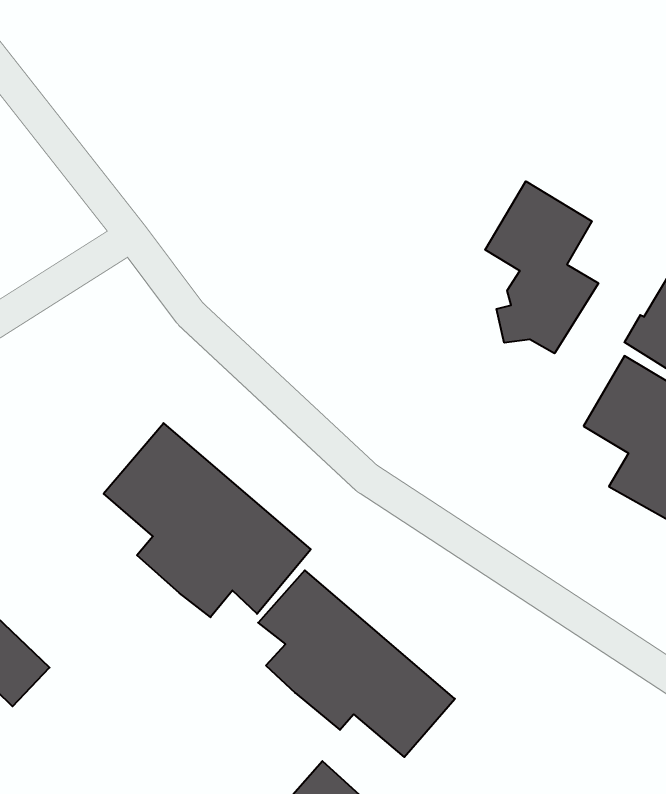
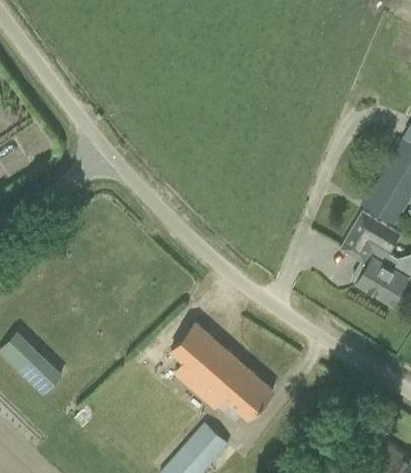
building: [485,181,598,353] -> none
building: [104,423,311,617] -> none

